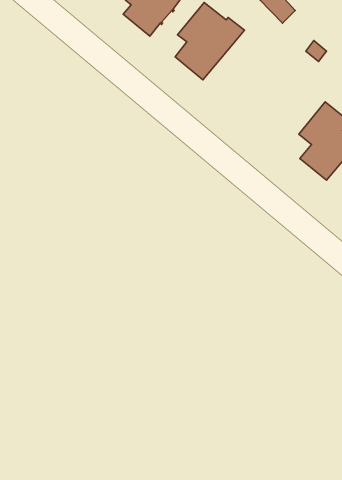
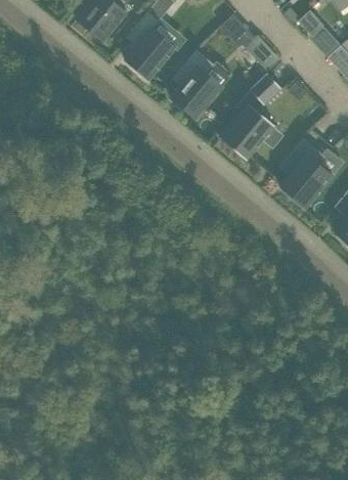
building: none -> [220,74,282,161]

